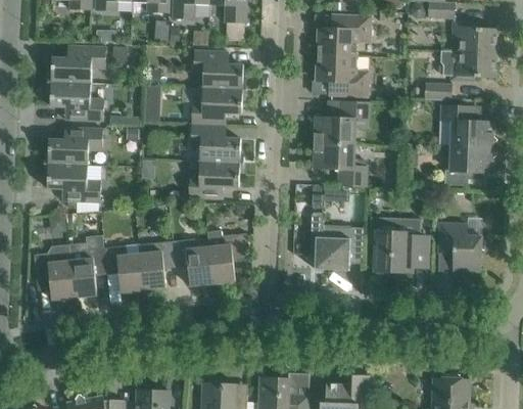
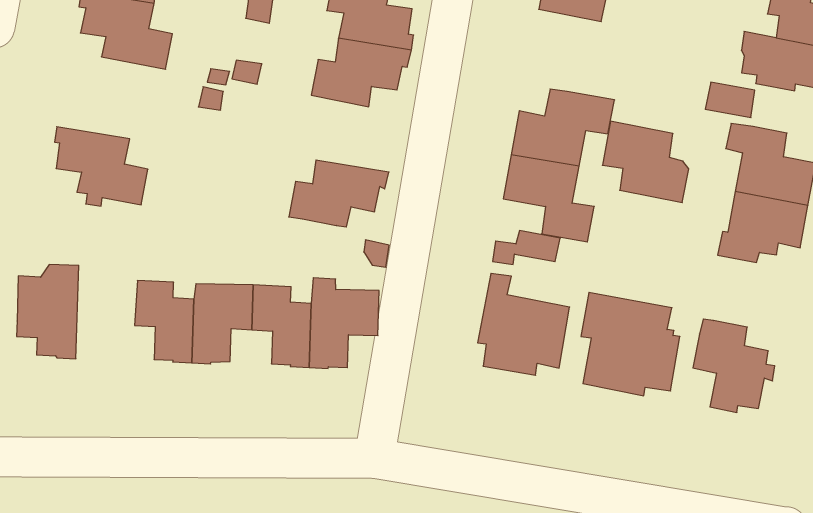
building: [317,54,368,96] -> [602,121,689,203]
building: [190,124,243,163] -> none
building: [44,127,103,165] -> none
building: [68,235,106,299] -> none

